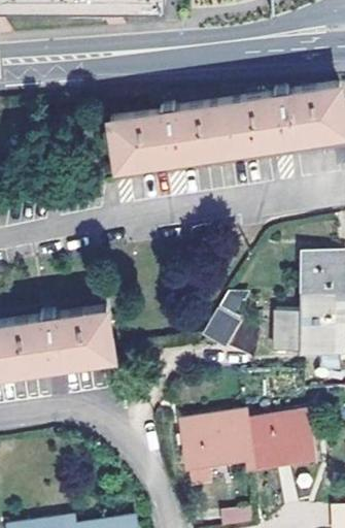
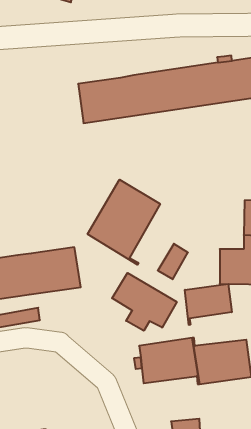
building: none -> [88,180,160,265]
building: none -> [112,273,177,331]
building: none -> [185,284,232,325]

